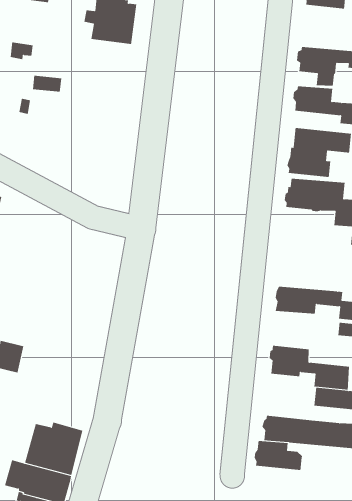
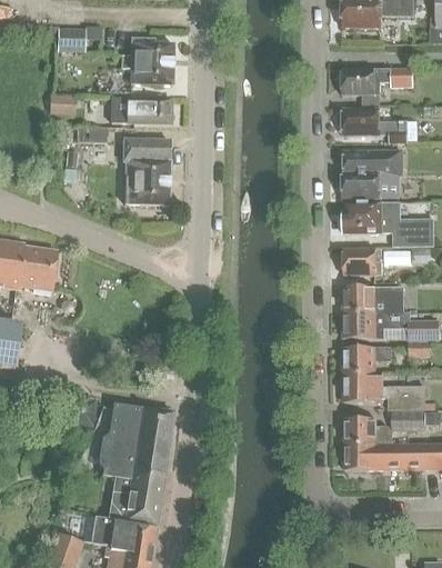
building: none -> [110,98,172,123]
building: none -> [123,138,170,205]
building: none -> [341,248,382,275]
building: none -> [342,286,404,312]
building: none -> [342,347,391,372]
building: none -> [98,399,174,478]
building: [254,441,303,471] -> [343,417,392,444]

